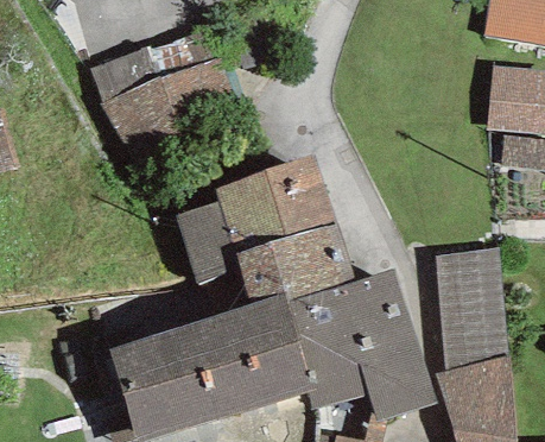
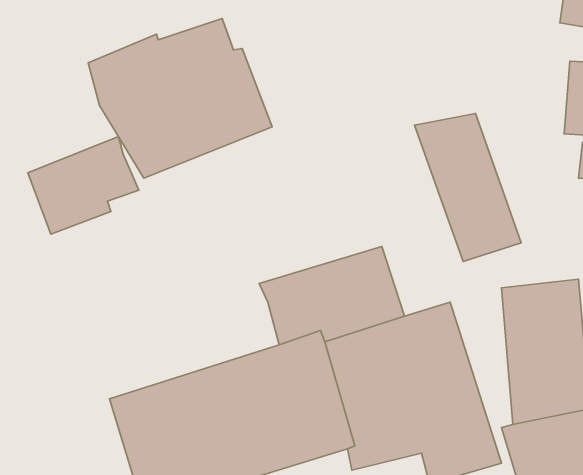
building: none -> [415,113,521,261]
building: none -> [28,137,139,234]
building: [176,154,336,284] -> none

